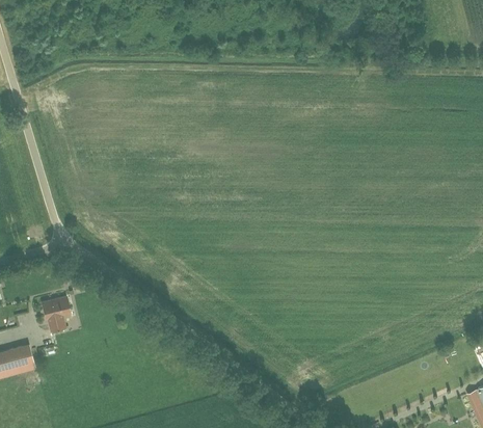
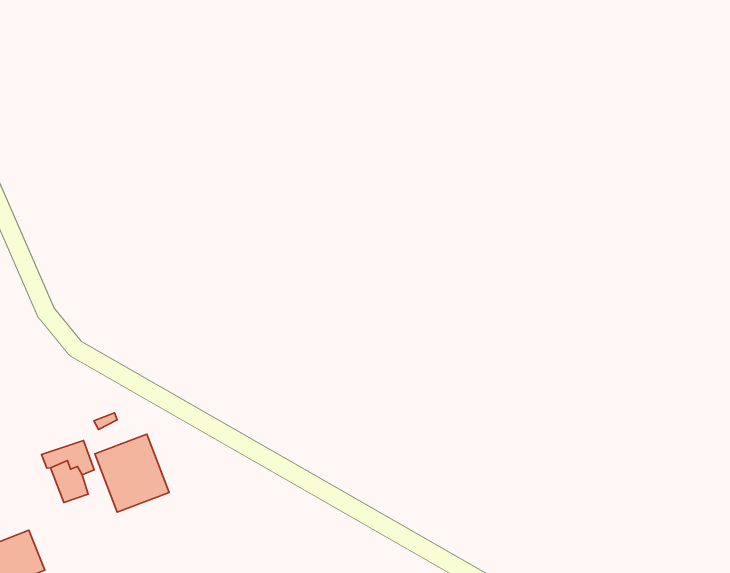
building: none -> [95,434,169,512]

